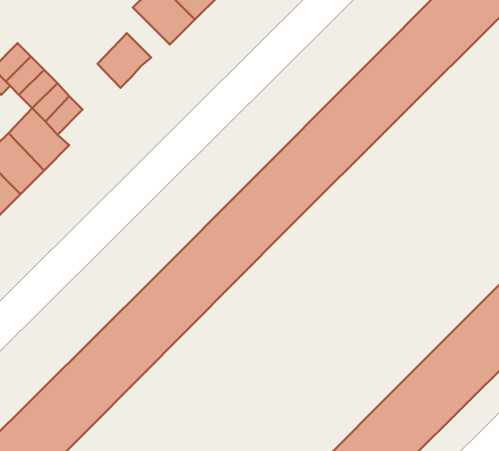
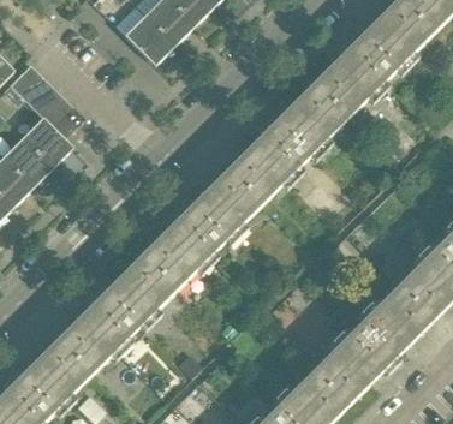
building: [98,33,151,88] -> none

